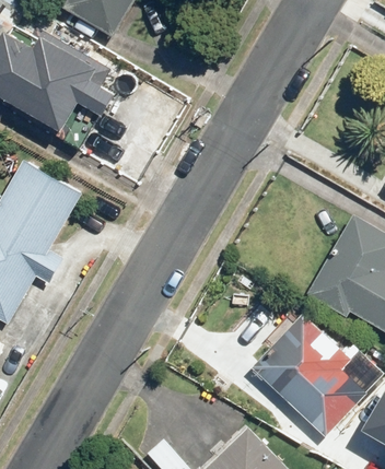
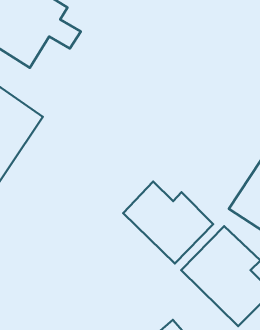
building: none -> [123,182,213,264]

